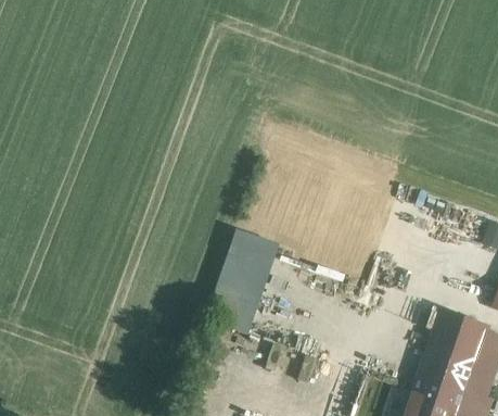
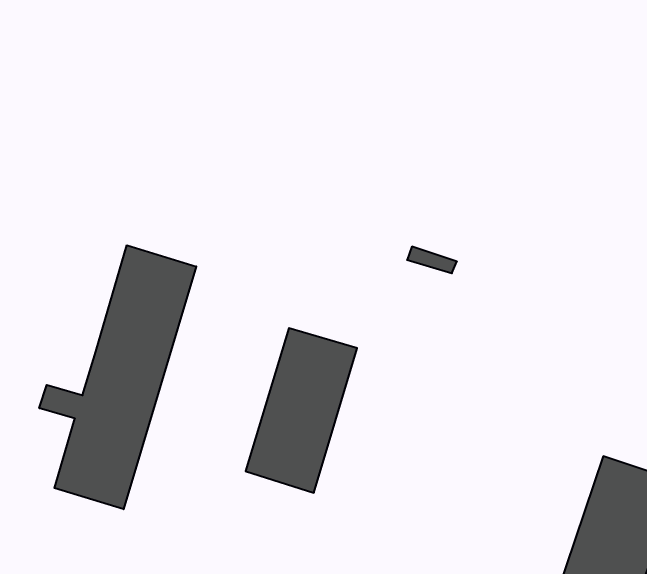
building: none -> [39,245,196,509]

